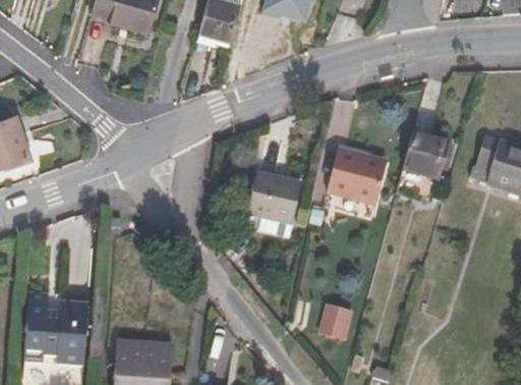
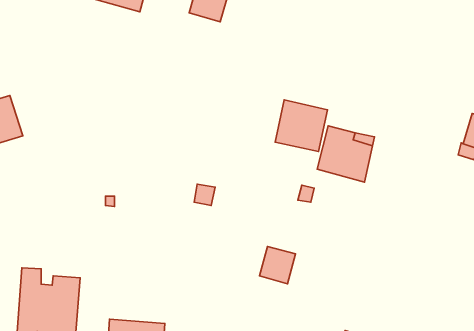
building: [403,130,450,179] -> none
building: [248,171,301,223] -> [275,100,328,151]
building: [319,300,355,338] -> [259,247,296,284]

